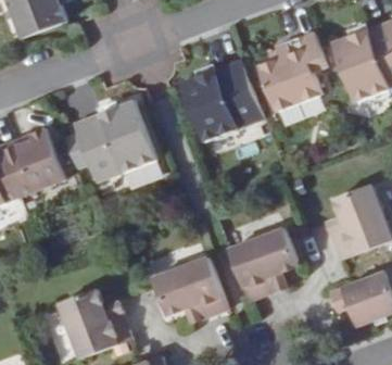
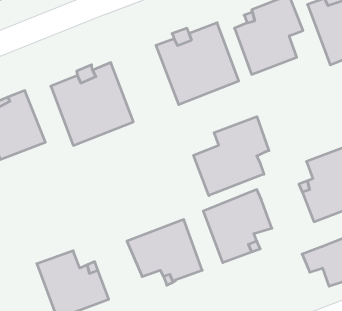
building: none -> [194,117,269,196]

